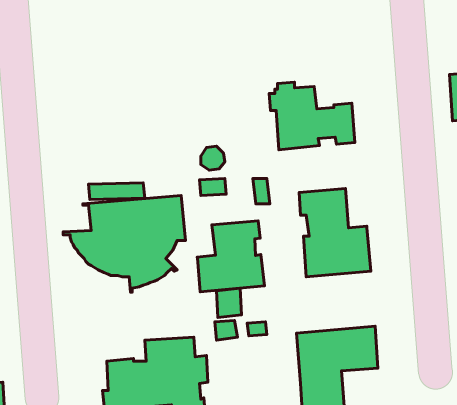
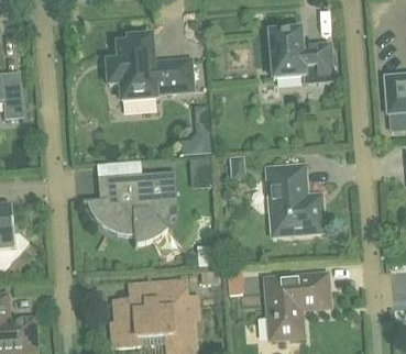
building: none -> [107,35,193,100]
building: [269,82,355,150] -> [265,25,332,78]
building: [197,221,265,292] -> none

